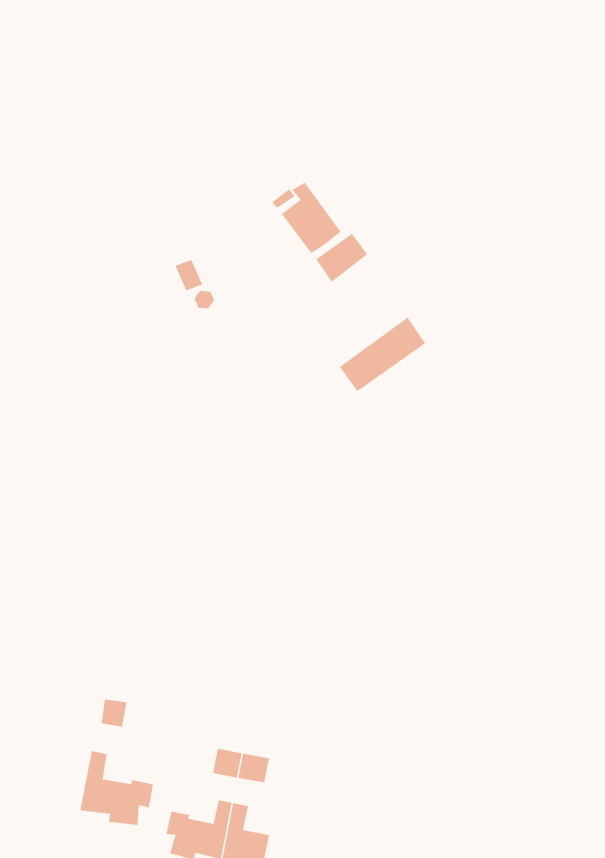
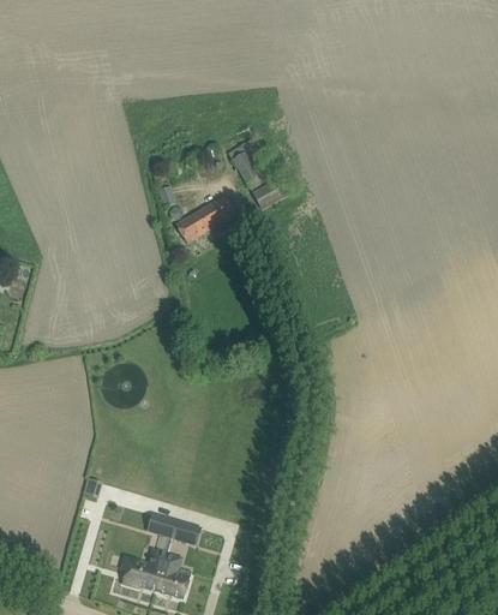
building: [339,316,426,392] -> [175,195,235,243]
building: [79,750,154,826] -> none

